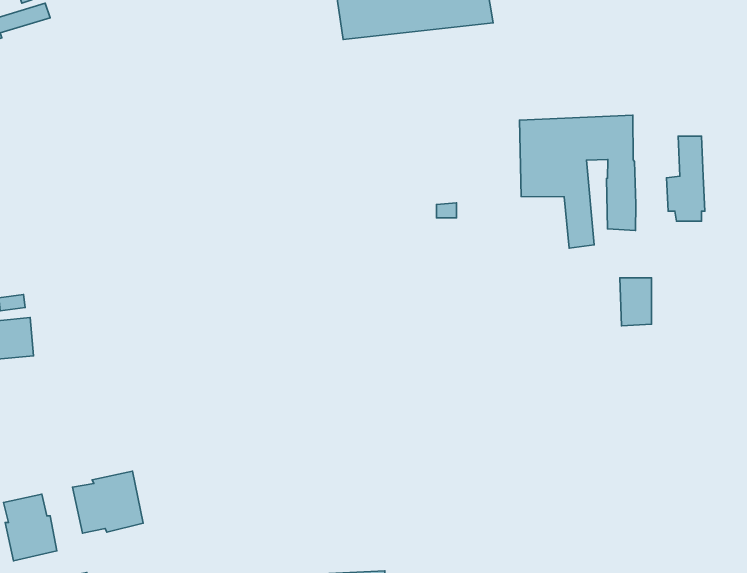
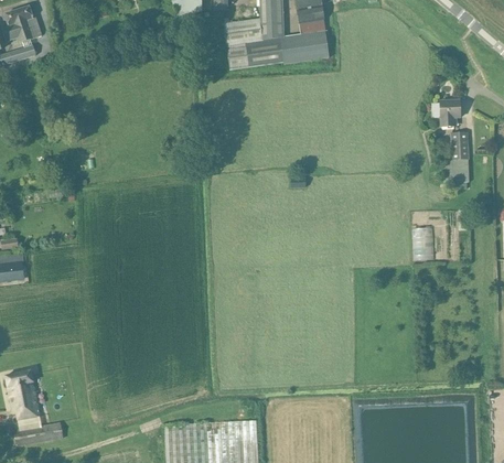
building: none -> [432,99,461,126]
building: [520,115,636,248] -> none
building: [72,471,143,533] -> none

